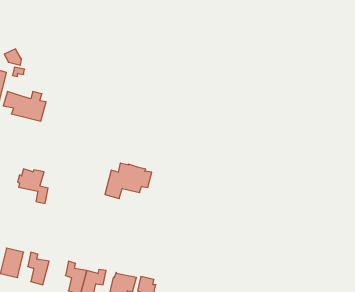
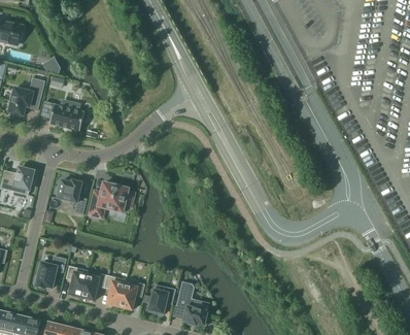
building: [105,163,152,199] -> [87,182,134,219]
building: none -> [80,271,106,300]

